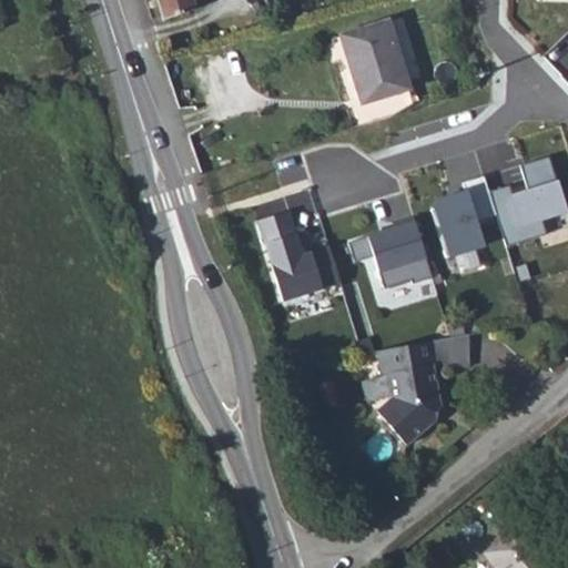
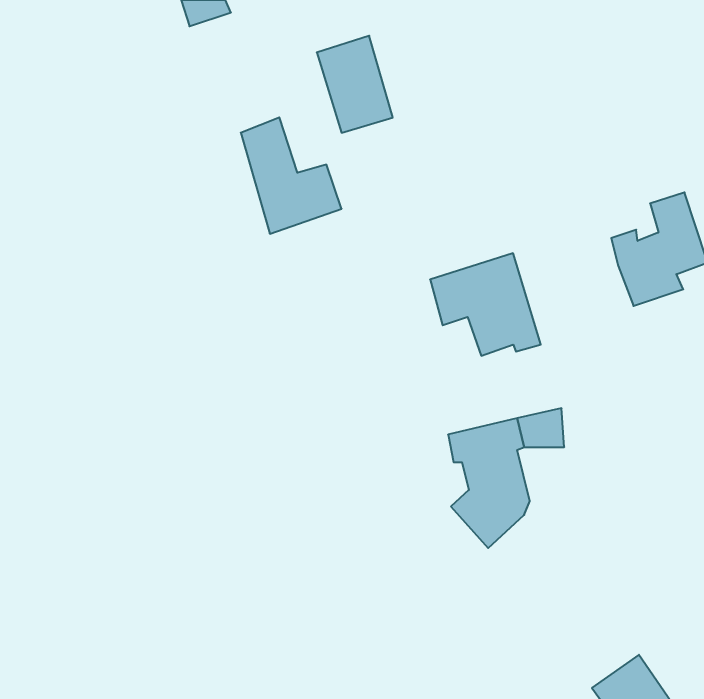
building: [344,18,405,95] -> [317,36,393,133]
building: [434,182,498,263] -> none
building: [263,214,344,307] -> [241,117,342,234]

